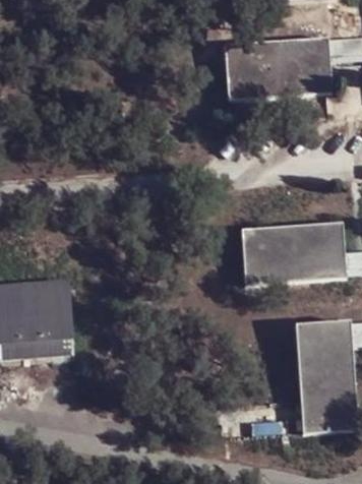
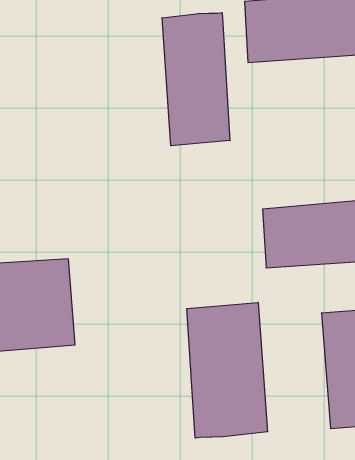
building: none -> [162,13,230,146]
building: none -> [187,302,268,438]

